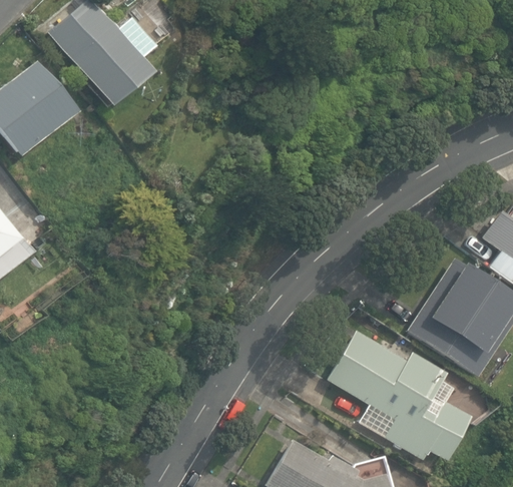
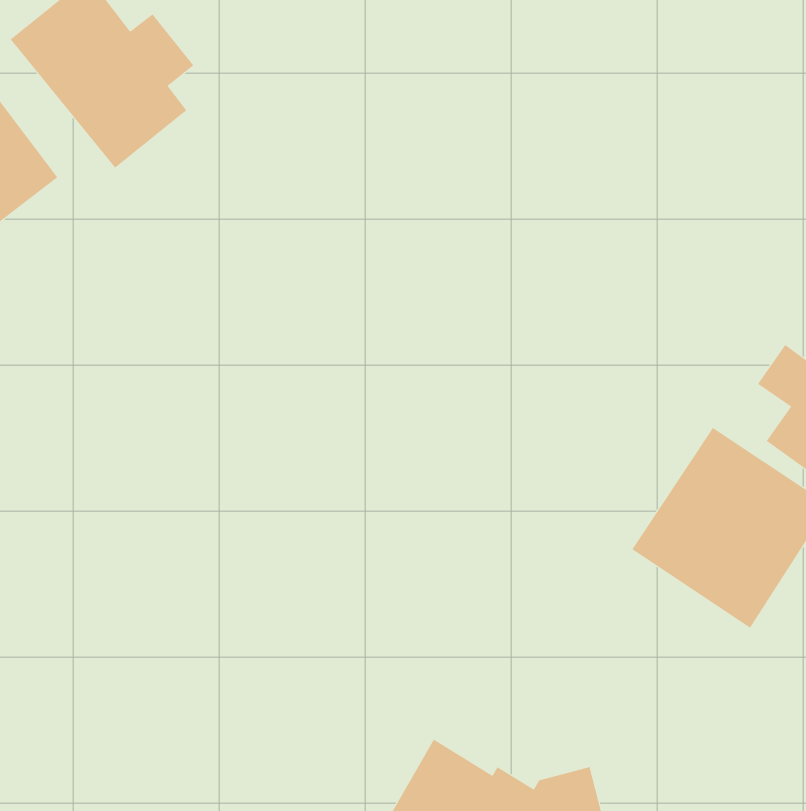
building: [329,331,472,460] -> none

